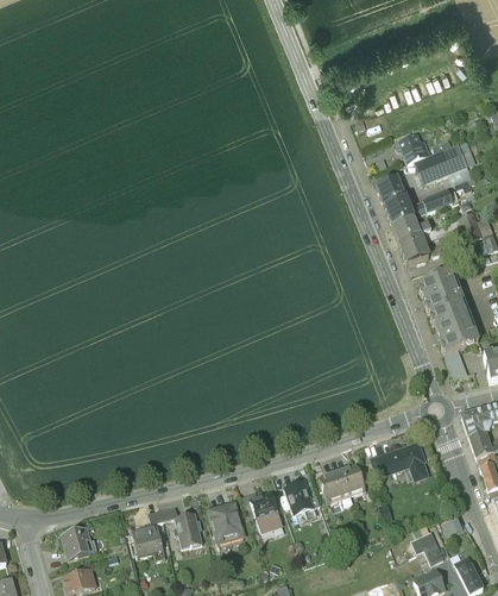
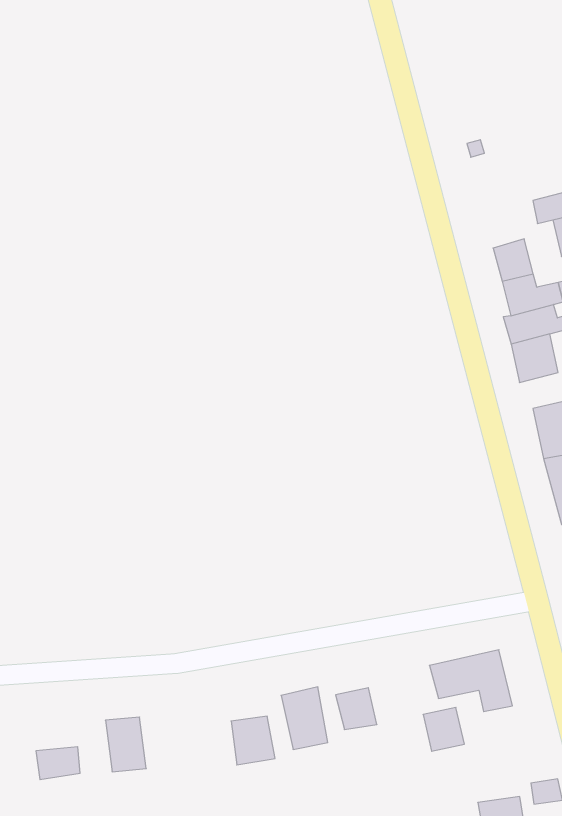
building: [336,466,365,496] -> [423,707,464,751]
building: [206,498,244,541] -> none

